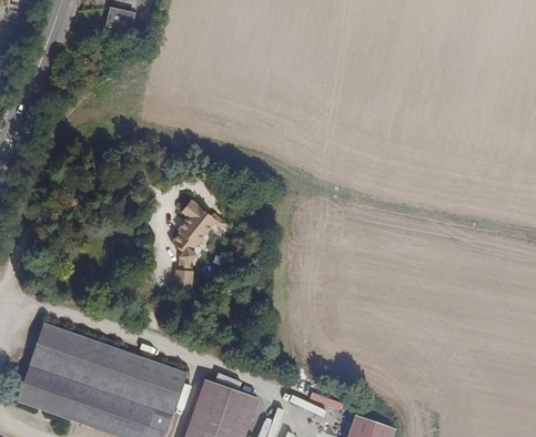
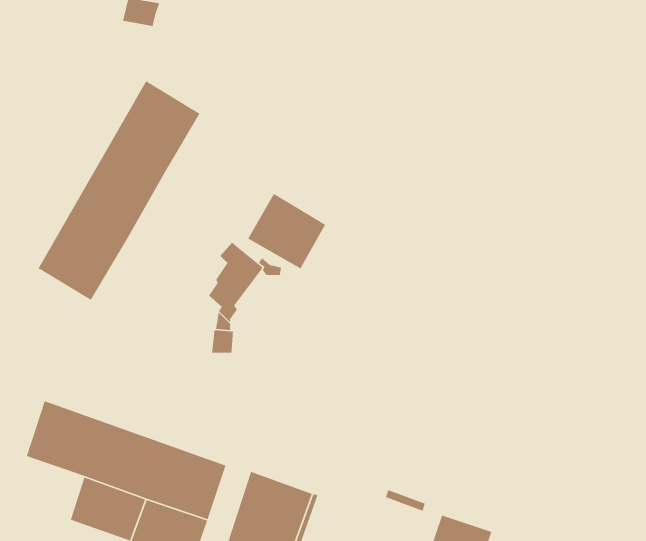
building: none -> [38,80,200,301]
building: none -> [247,193,326,269]
building: [18,367,74,417] -> none

